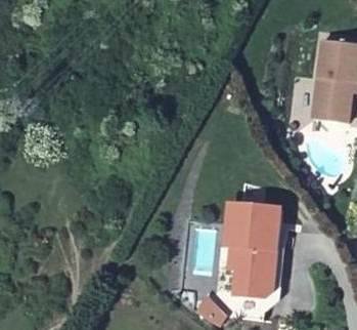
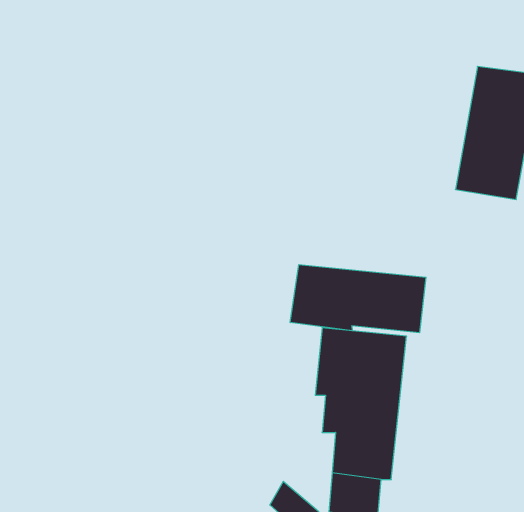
building: none -> [290,265,426,333]

